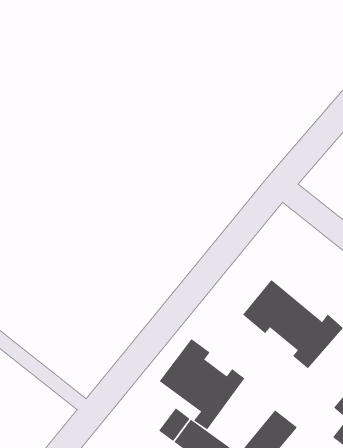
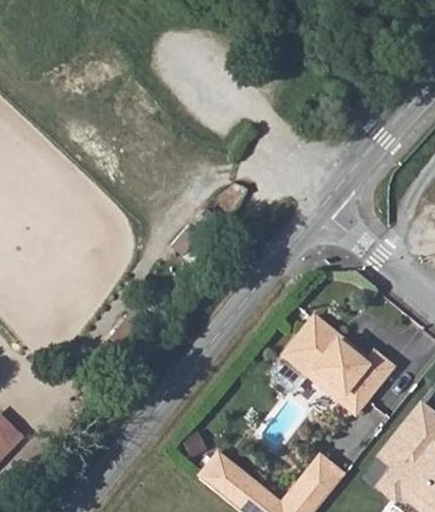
building: [159,338,245,430] -> none

